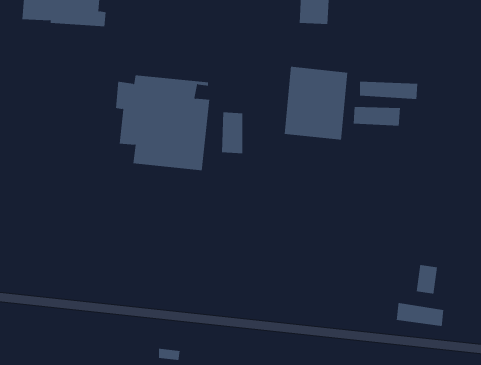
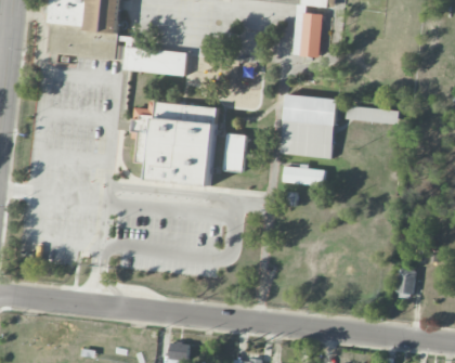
building: none -> [123,47,187,77]
building: [353,106,401,126] -> [283,168,325,185]
building: [396,302,444,327] -> none

